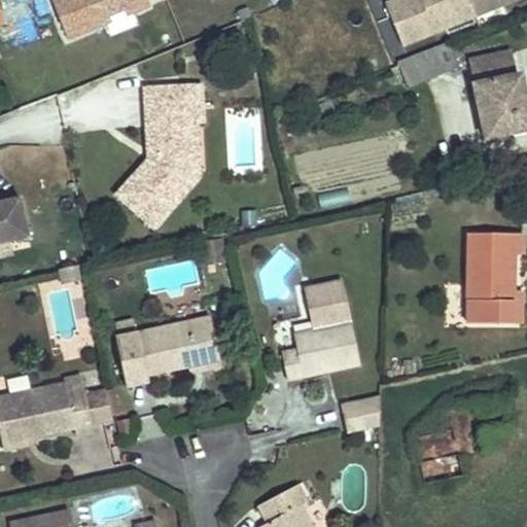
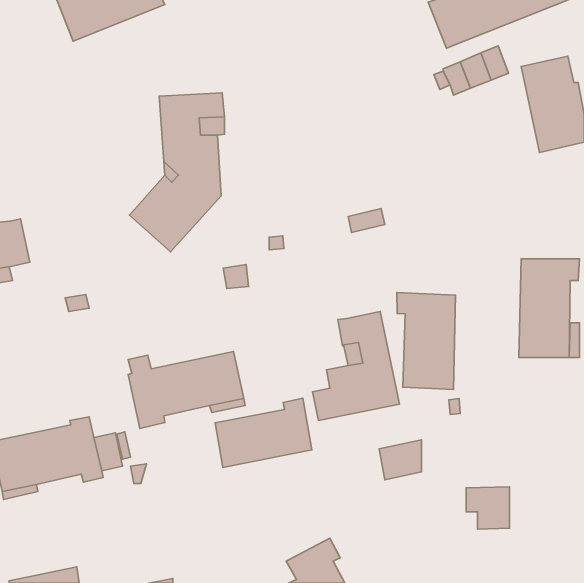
building: none -> [397,293,456,389]
building: none -> [215,398,312,467]

